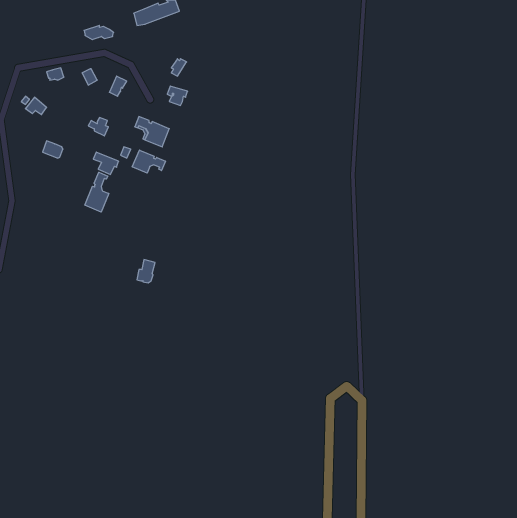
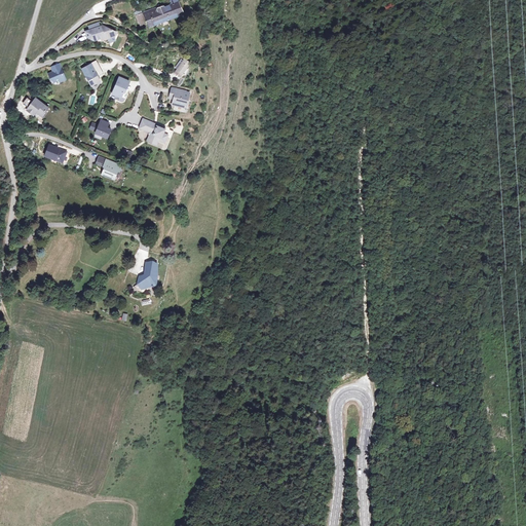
building: [132,150,165,173] -> none
building: [85,172,109,212] -> none

